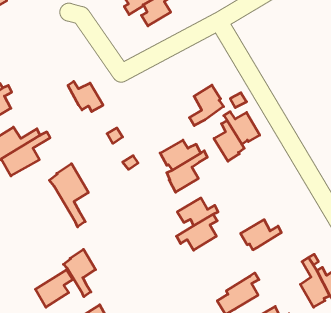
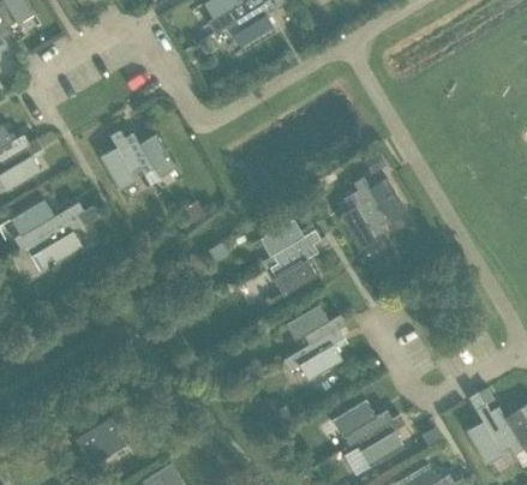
building: none -> [100,130,139,190]
building: [189,85,224,126] -> none
building: [49,164,88,227] -> none
building: [241,220,281,250] -> [331,400,391,444]
building: [63,249,96,297] -> none

